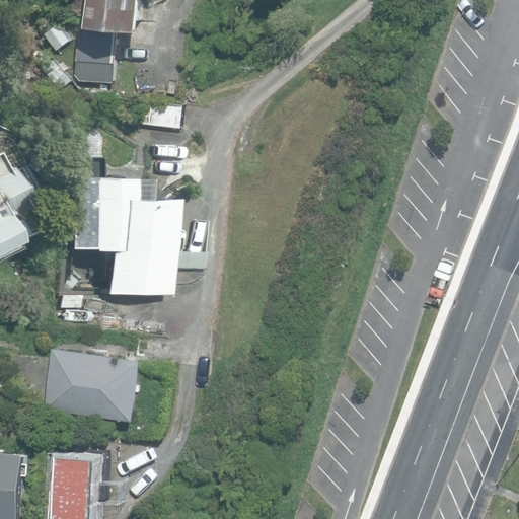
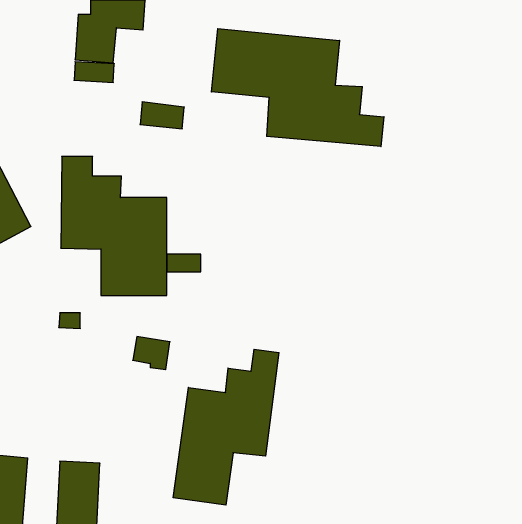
building: none -> [211,29,384,147]
building: none -> [173,349,279,505]
building: [45,349,141,421] -> none

